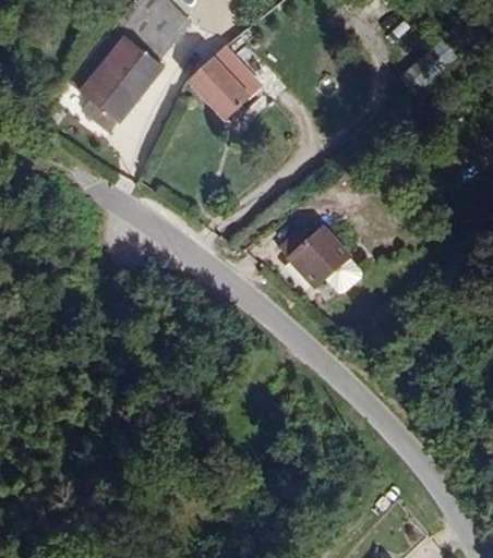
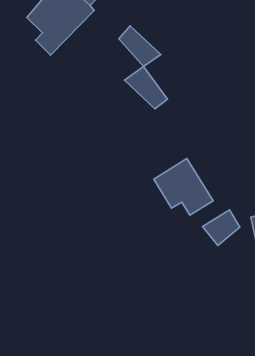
building: [213,50,273,102] -> [124,67,167,109]
building: none -> [202,210,240,245]

